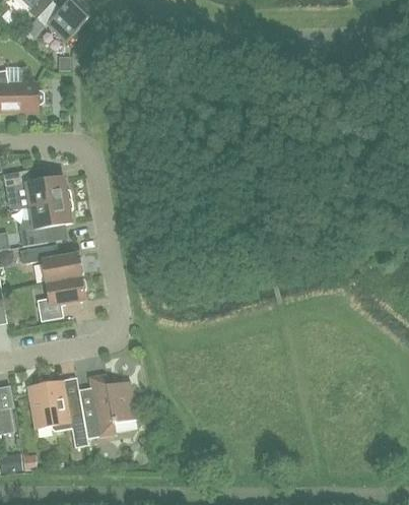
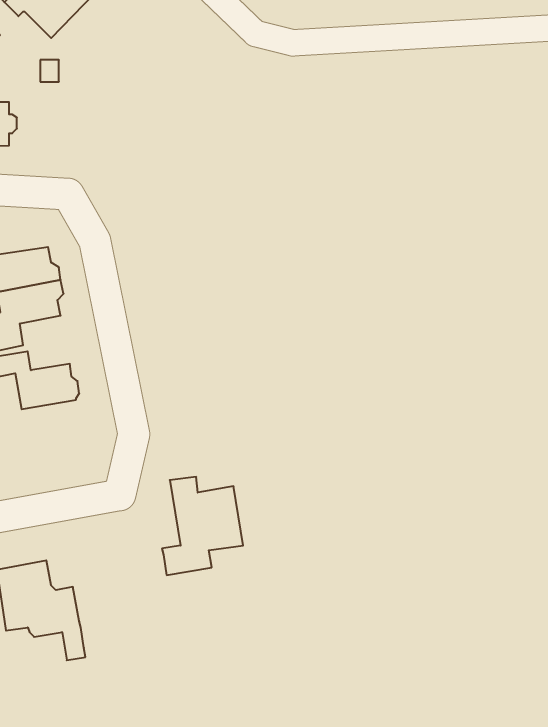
building: [37,276,86,321] -> none
building: [83,374,136,438] -> [162,477,243,575]

